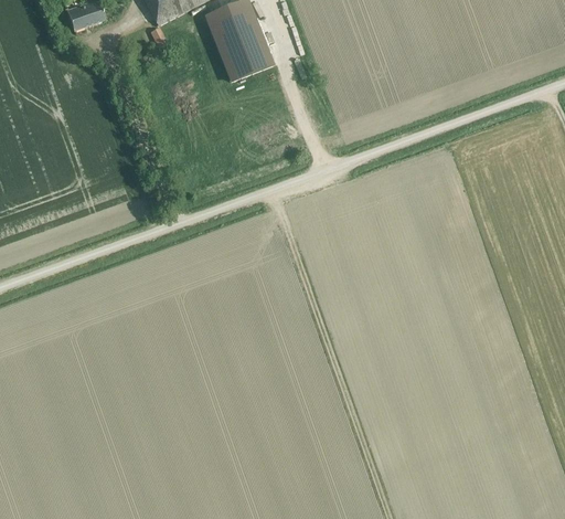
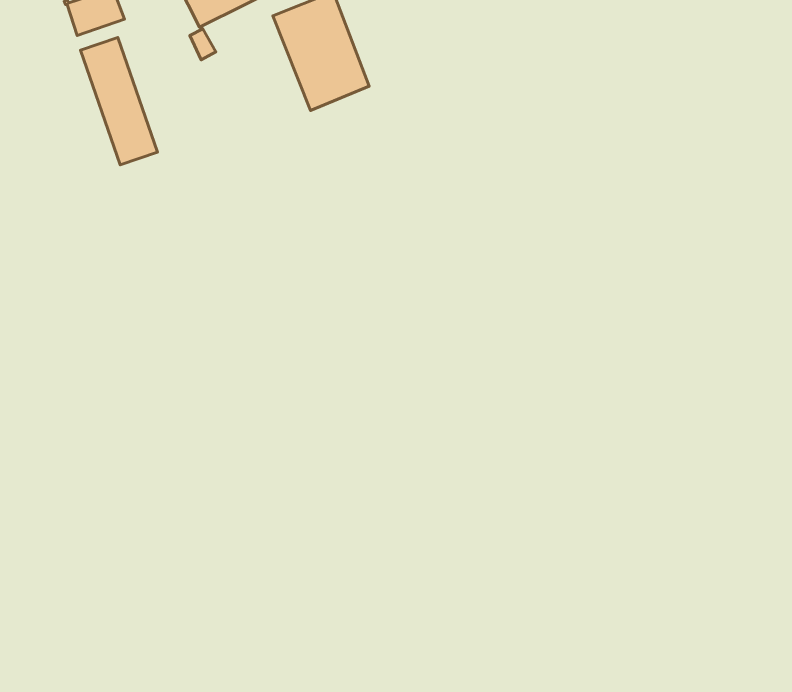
building: none -> [81,37,157,165]

